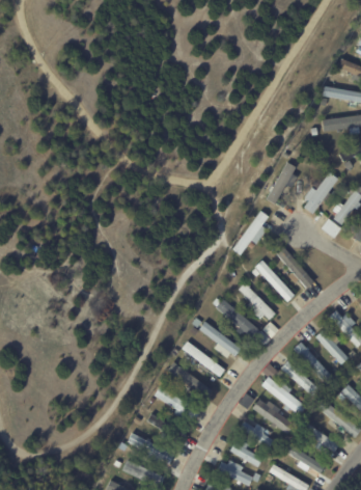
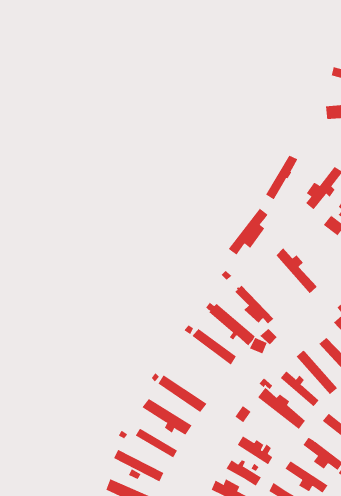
building: [252,261,295,302] -> none
building: [182,341,225,376] -> none
building: [252,401,294,433] -> none

